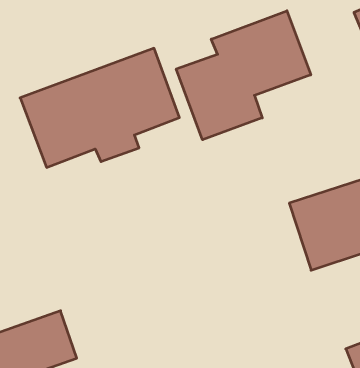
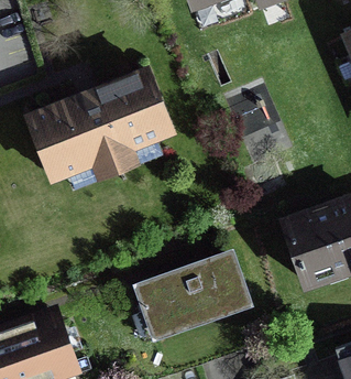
building: [176,11,311,140] -> none
building: none -> [130,247,248,337]

